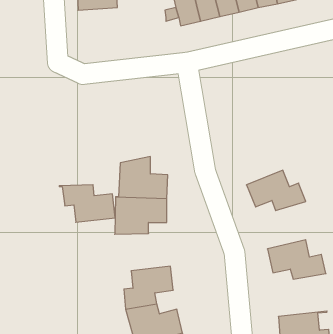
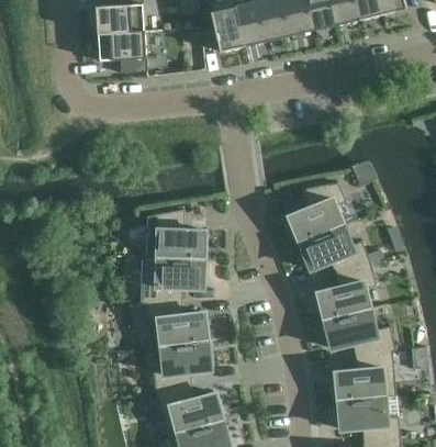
building: none -> [97,31,146,74]
building: none -> [288,183,345,244]
building: [59,185,115,222] -> [141,302,208,347]
building: none -> [316,264,376,321]
building: none -> [334,350,395,402]

